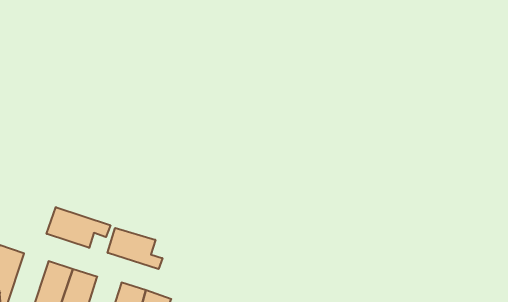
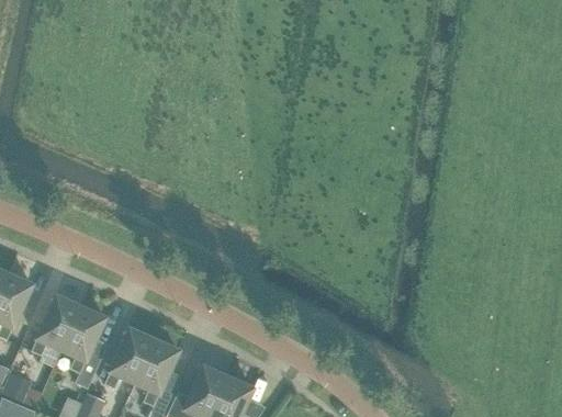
building: [47,207,110,248] -> none
building: [108,228,162,269] -> none

